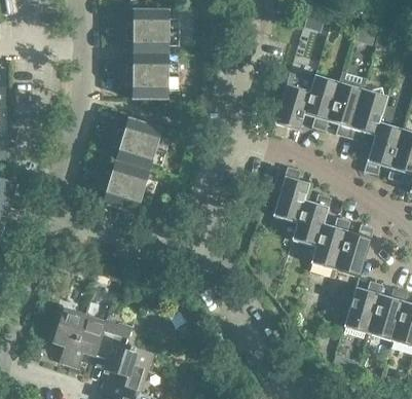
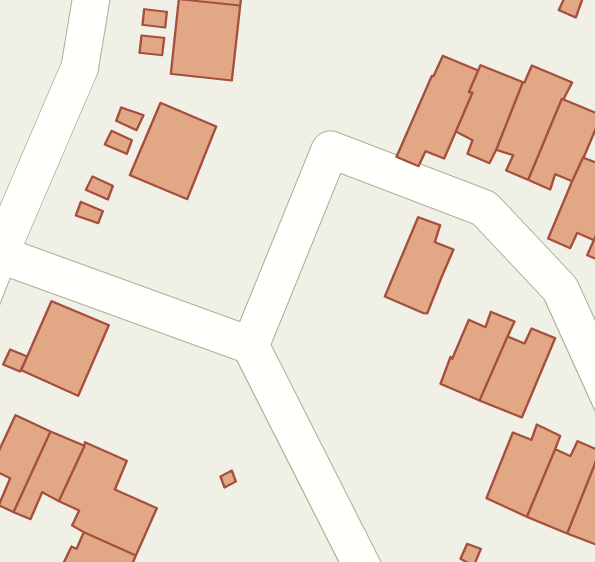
building: [102,160,150,214] -> [21,301,109,396]
building: [290,193,329,247] -> none

